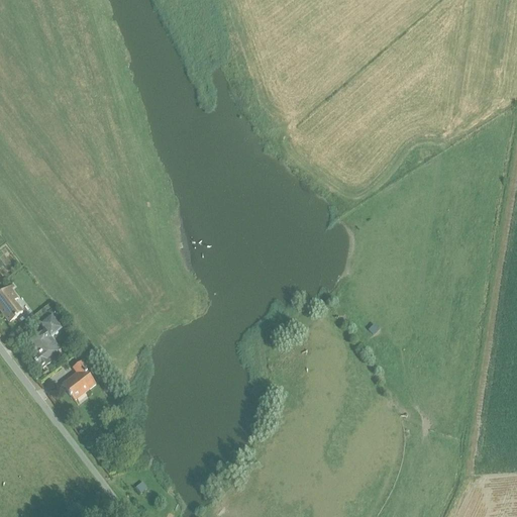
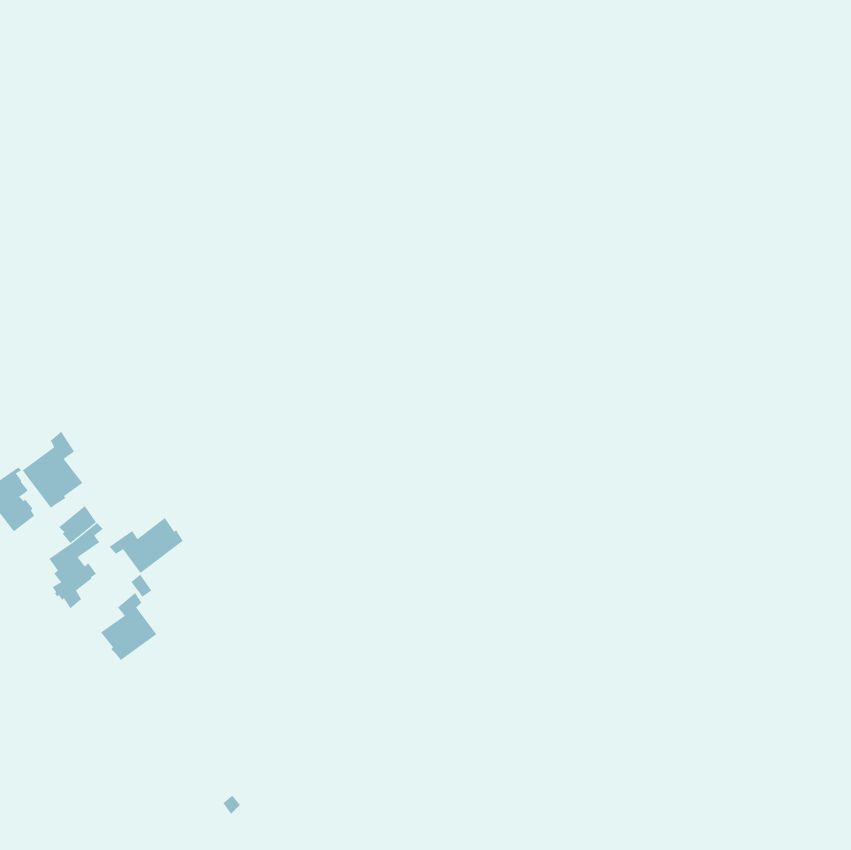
building: none -> [22,431,83,509]
building: none -> [109,517,184,574]

